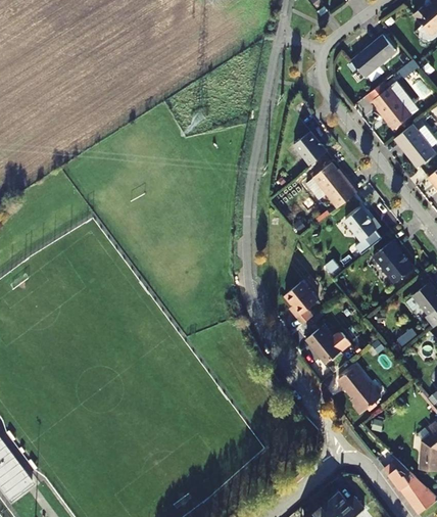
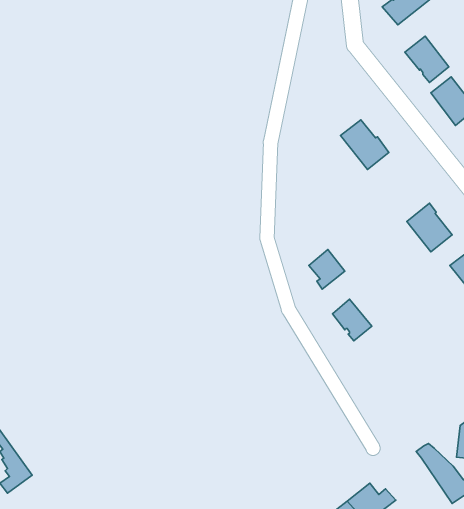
building: [294,132,328,166] -> none
building: [345,207,381,241] -> none
building: [338,366,381,414] -> none

